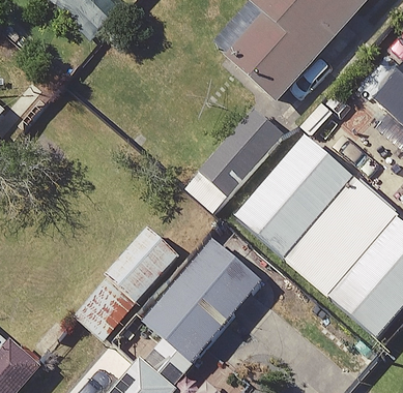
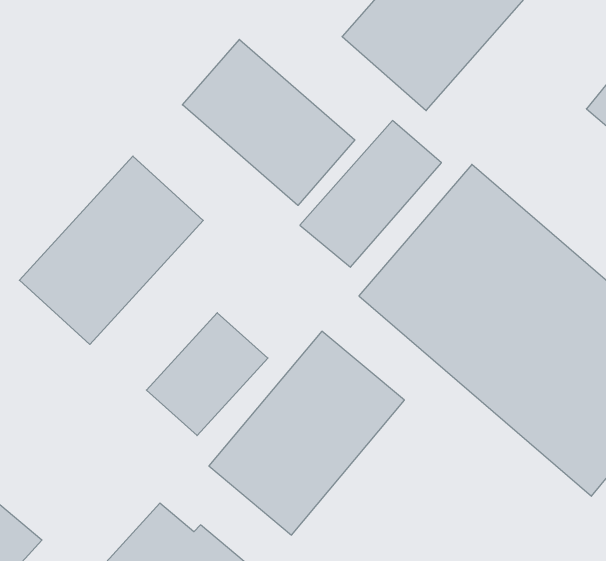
building: none -> [182,39,355,205]
building: none -> [19,156,203,344]

